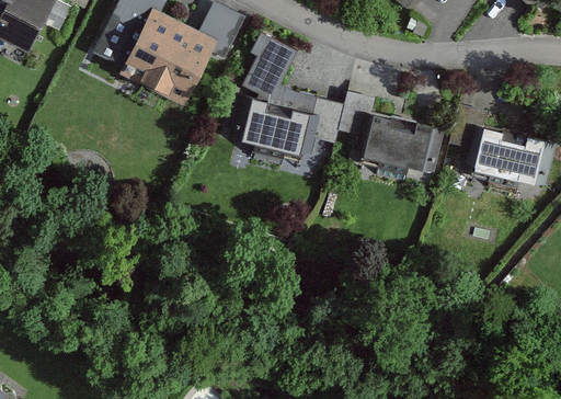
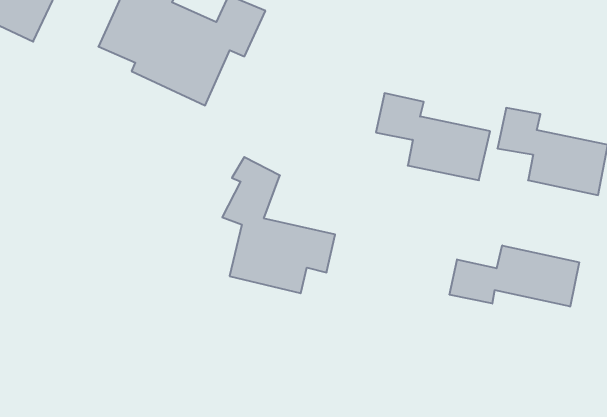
building: [241,35,342,157] -> [222,157,335,293]
building: none -> [450,245,579,307]

